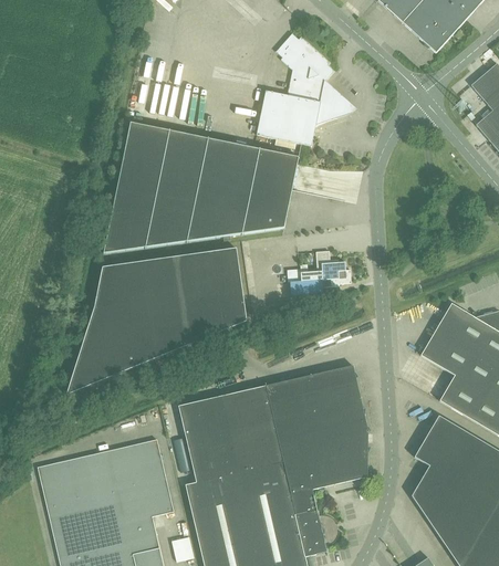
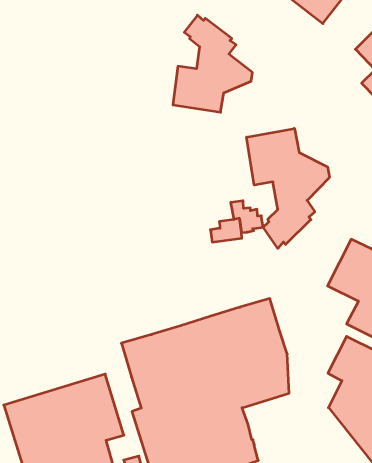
building: [104,123,299,253] -> none
building: none -> [247,128,329,248]
building: [66,249,247,396] -> none

